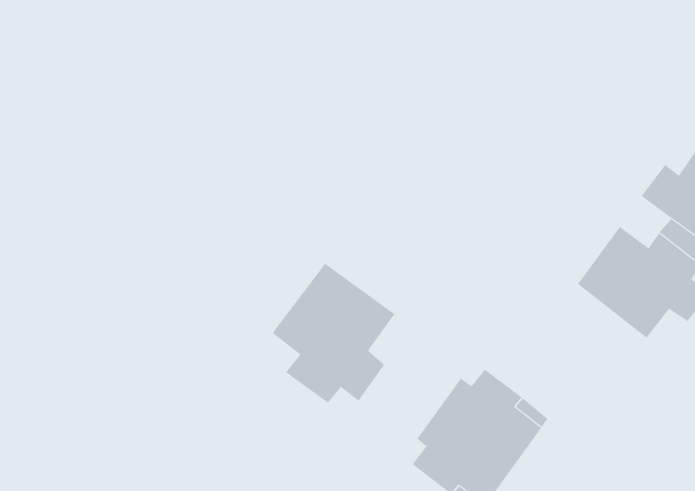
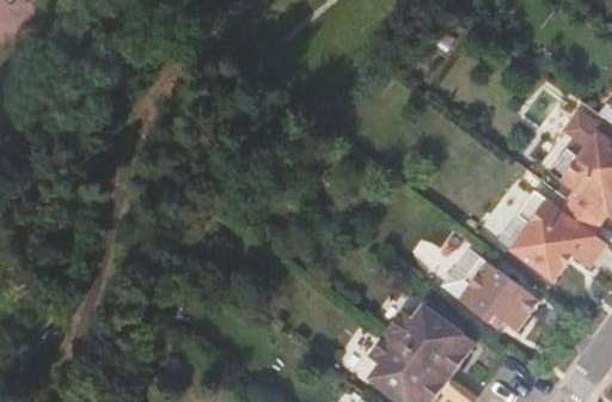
building: [272,263,395,403] -> none
building: none -> [430,249,539,333]

